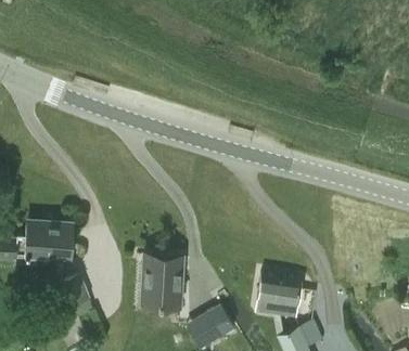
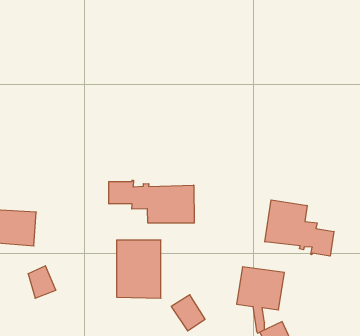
building: none -> [109,180,194,223]
building: none -> [265,200,334,256]

